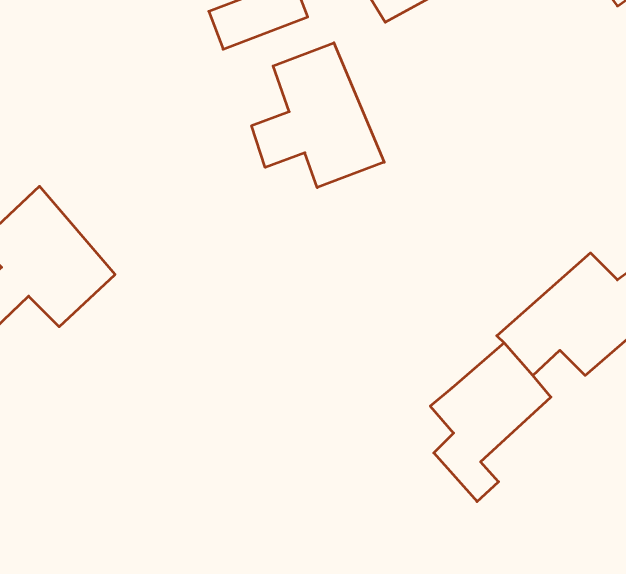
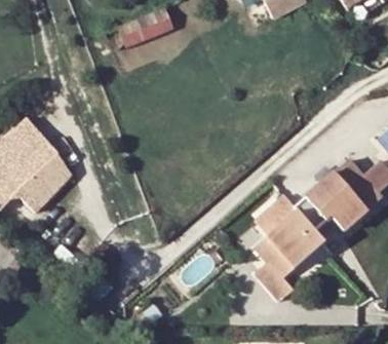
building: [252,43,384,188] -> none
building: none -> [251,194,296,236]

